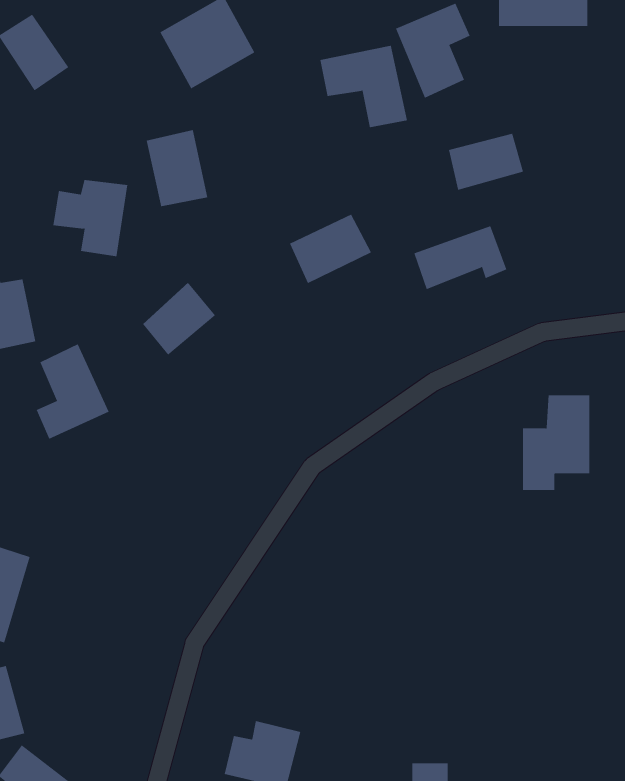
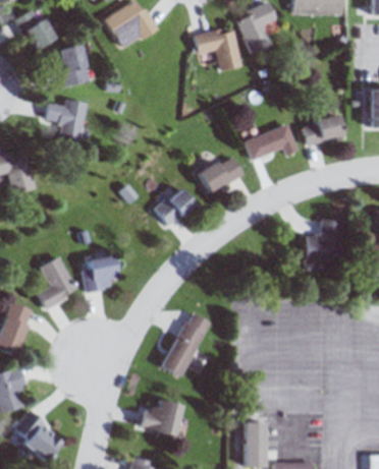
building: [146,130,208,207] -> [54,45,89,87]
building: [448,133,524,190] -> [302,115,343,146]
building: [289,214,372,284] -> [198,155,243,193]
building: [142,282,216,356] -> [154,186,195,227]
building: [36,344,109,439] -> [38,256,78,309]
building: none -> [82,256,118,293]
building: none -> [162,311,210,378]

